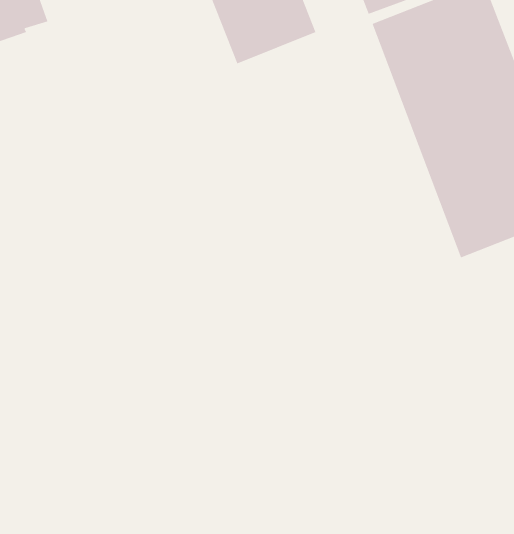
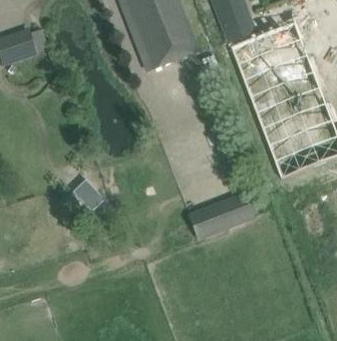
building: none -> [71,175,103,207]
building: none -> [187,192,256,241]

